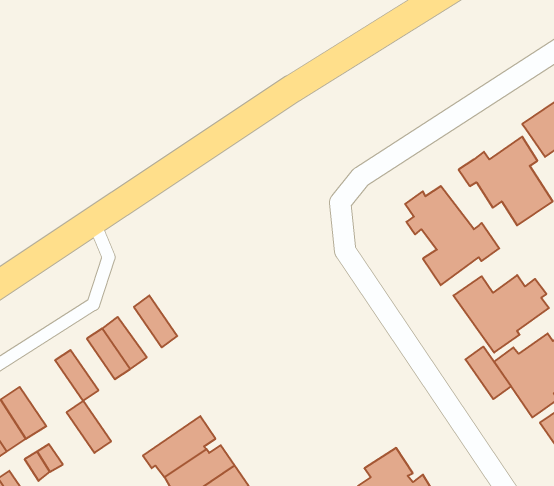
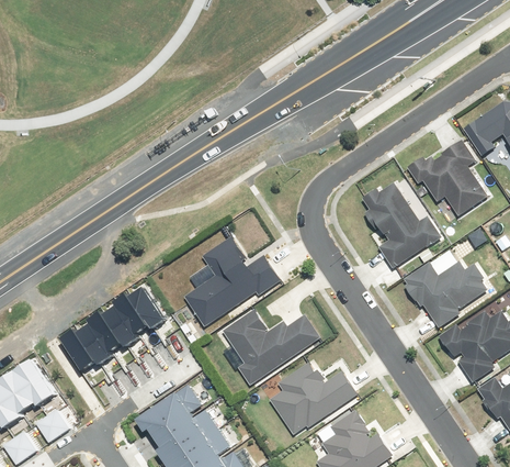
building: none -> [183,236,281,327]
building: none -> [114,289,152,333]
building: none -> [223,310,318,387]
building: [465,347,511,399] -> none
building: none -> [265,363,356,435]
building: [67,401,111,453] -> [73,316,112,362]

